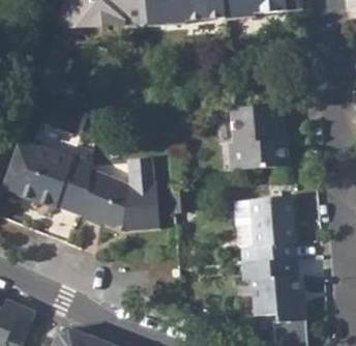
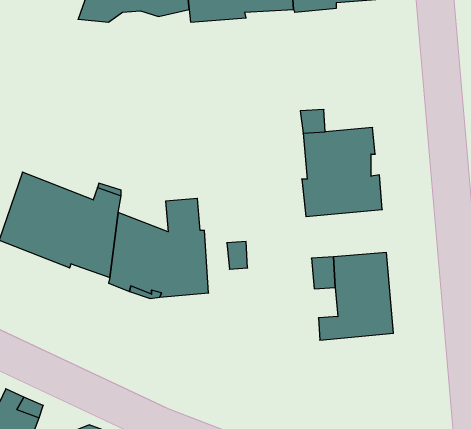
building: [239,258,301,323] -> none

